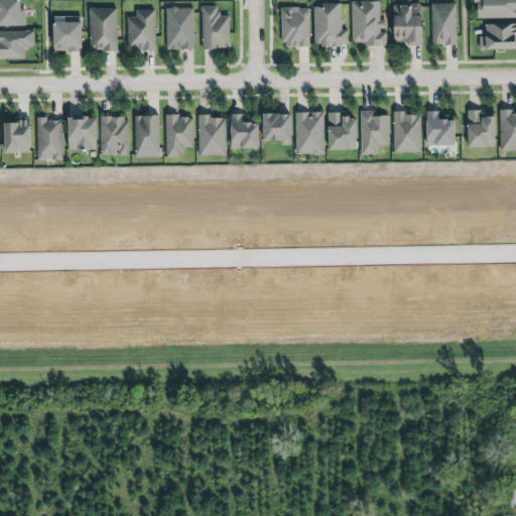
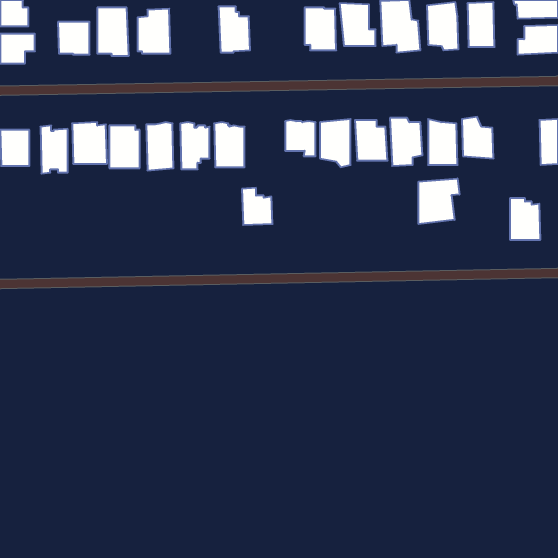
building: [166,6,197,50] -> none
building: [468,109,496,147] -> [510,198,540,240]
building: [231,113,259,147] -> [242,188,273,225]
building: none -> [419,178,459,224]

